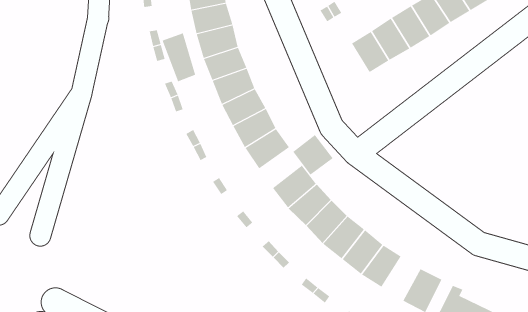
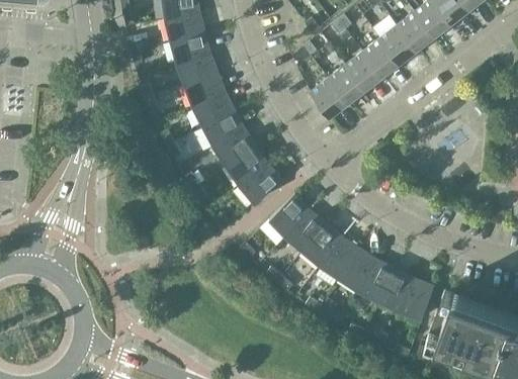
building: [162,32,196,82] -> none
building: none -> [309,80,346,119]
building: [293,134,334,176] -> none
building: none -> [378,271,412,311]

